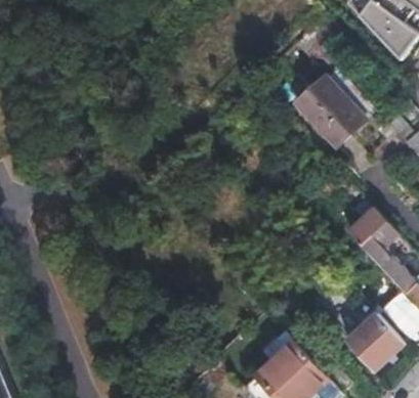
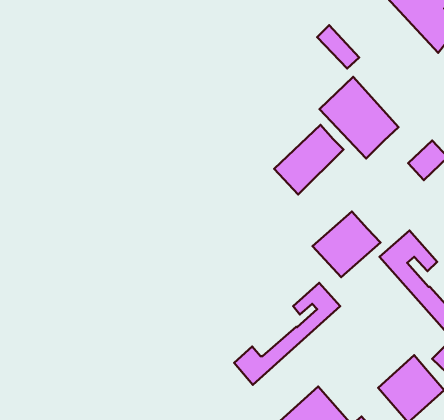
building: none -> [274,125,344,195]
building: none -> [313,212,380,277]
building: none -> [234,283,340,385]

